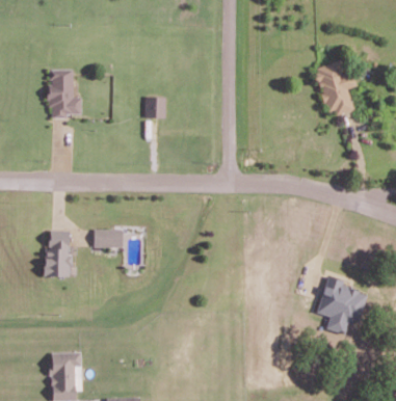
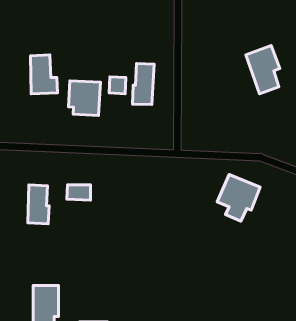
building: none -> [133,64,154,105]
building: none -> [68,81,100,116]
building: [314,278,367,336] -> [217,175,260,221]

